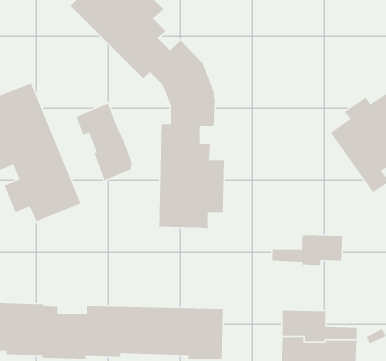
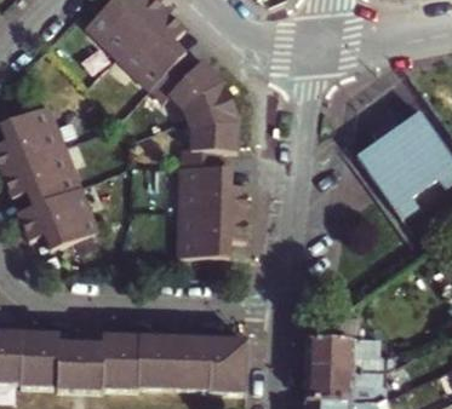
building: [75,102,133,182] -> none
building: [271,234,343,266] -> none

